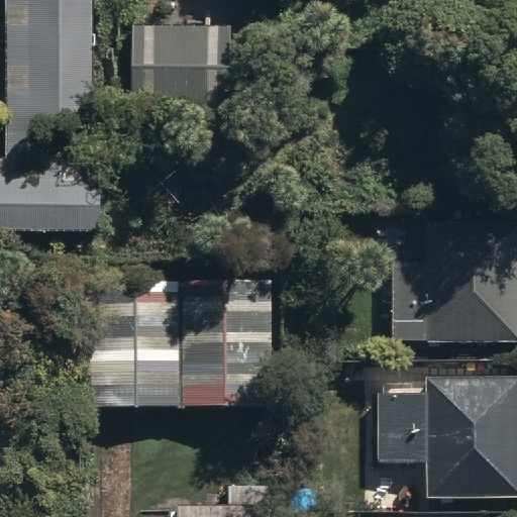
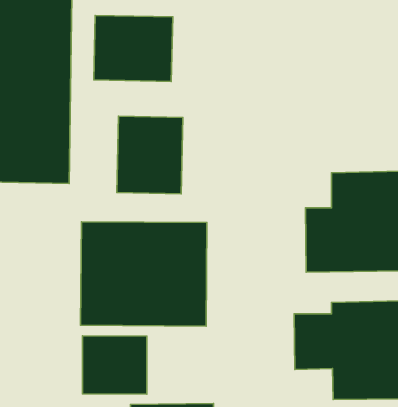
building: none -> [117,116,183,194]
building: none -> [82,336,147,394]

